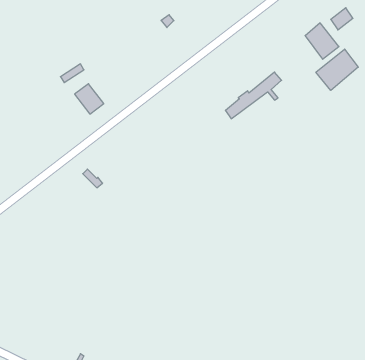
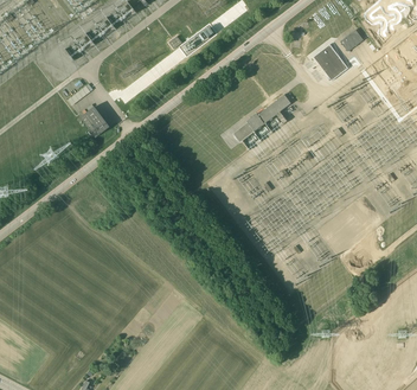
building: [316,49,358,90] -> none

